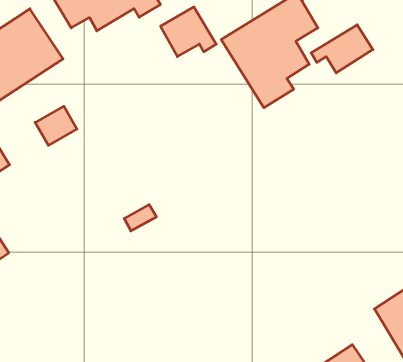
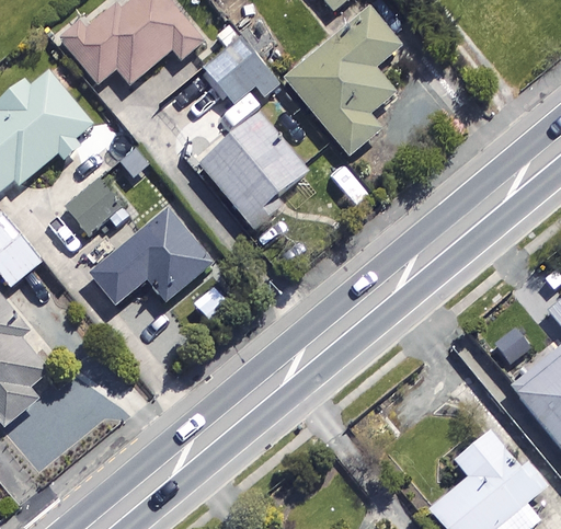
building: [311,25,373,73] -> none
building: none -> [202,116,308,222]
building: none -> [90,209,211,306]

